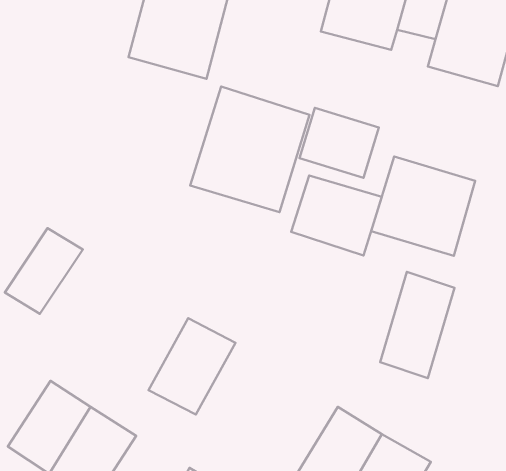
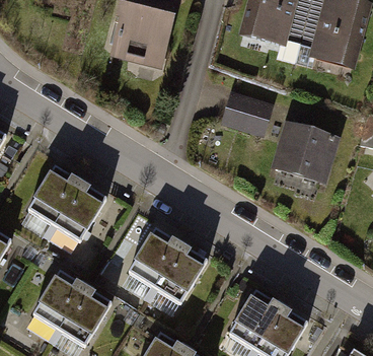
building: [190,86,309,212] -> none
building: [291,175,382,256] -> none
building: none -> [50,185,103,244]
building: [380,272,455,378] -> none
building: none -> [153,246,209,310]

